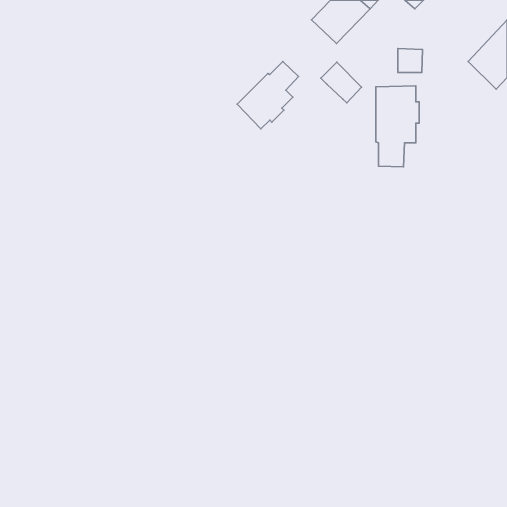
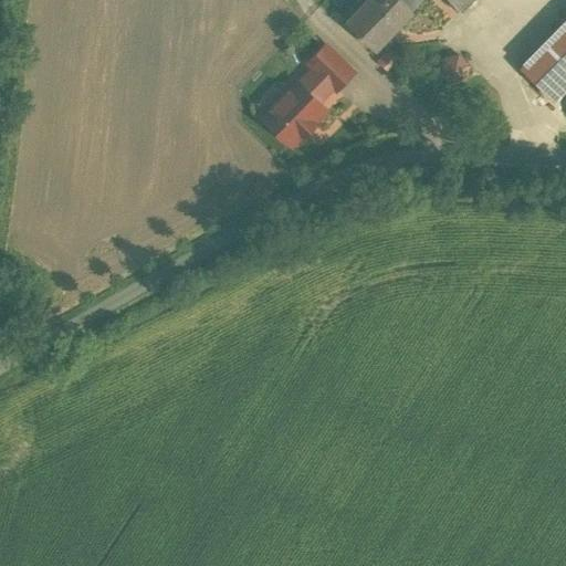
building: [321,62,362,103] -> [308,44,354,90]
building: [376,86,419,167] -> none

